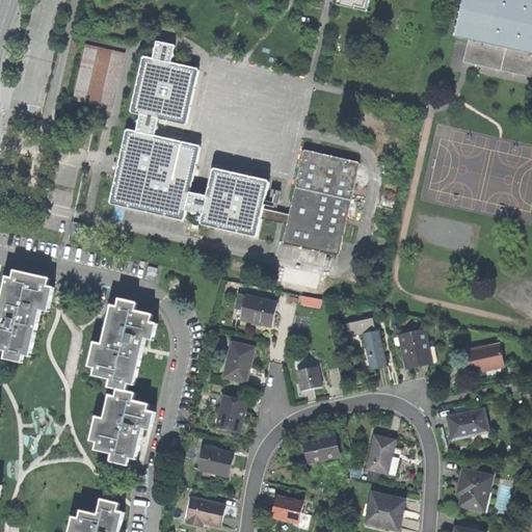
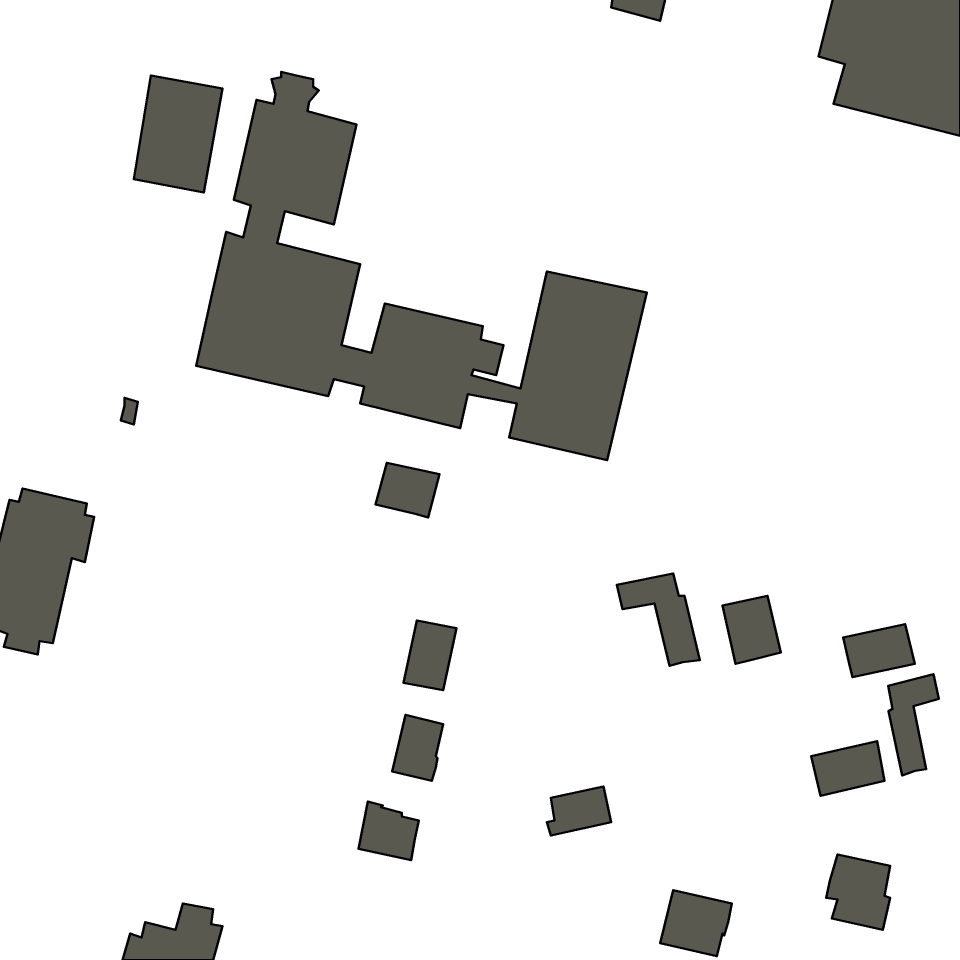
building: [239,295,274,325] -> [375,463,440,518]
building: [87,297,156,462] -> none
building: [296,364,320,389] -> none
building: none -> [888,674,939,776]
building: [365,432,393,471] -> none
building: [274,495,307,522] -> none
building: [185,496,224,525] -> none

